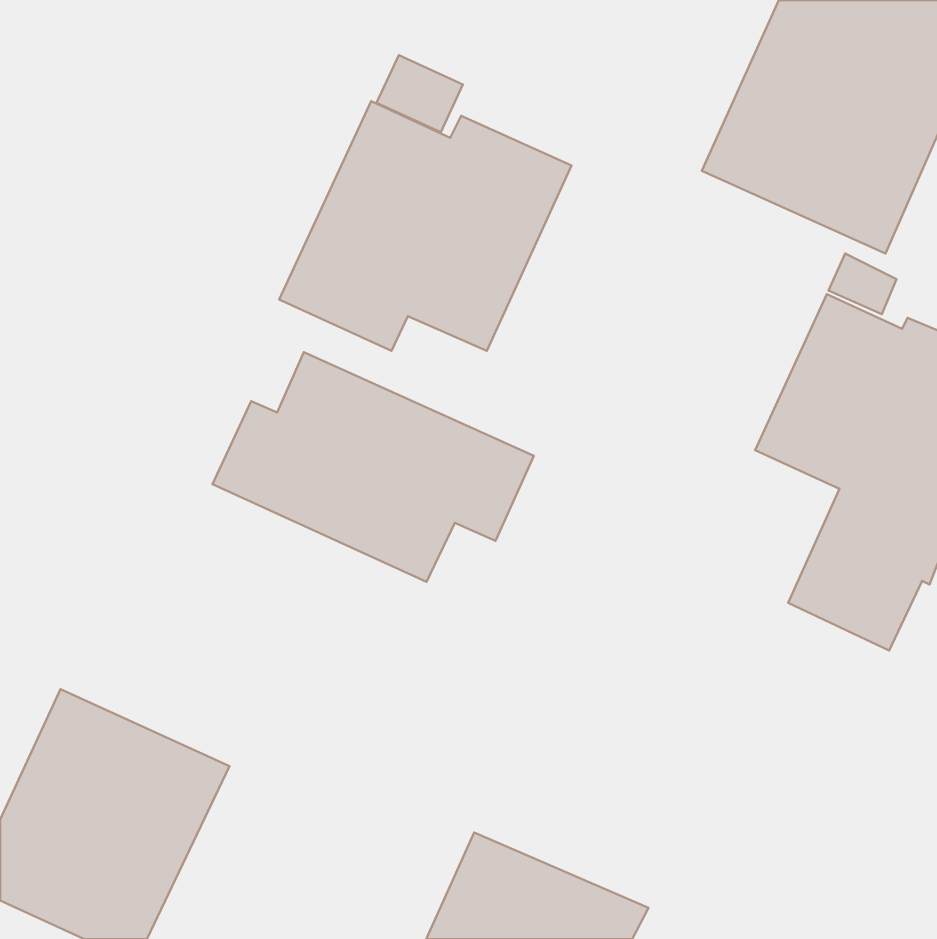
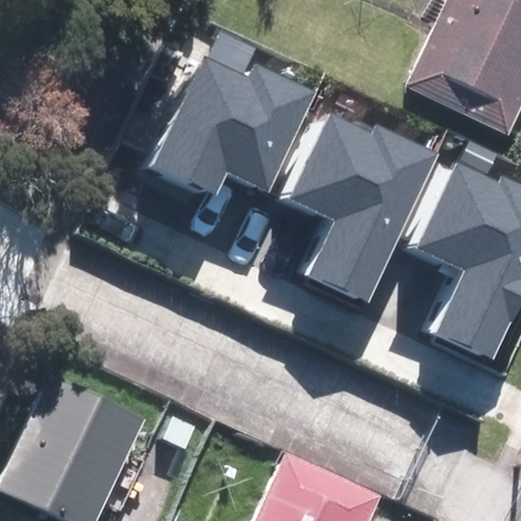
building: none -> [291,113,441,302]
building: [213,352,534,582] -> none

